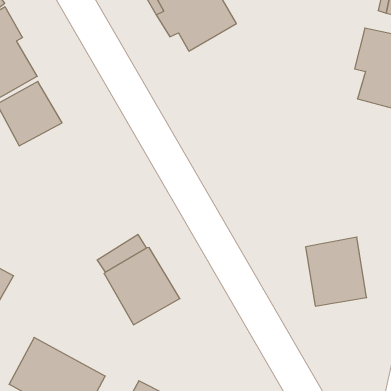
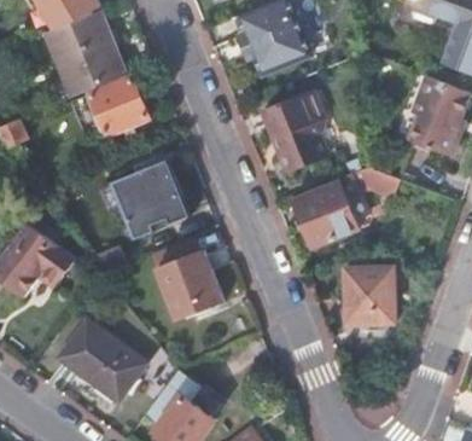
building: none -> [263,92,326,173]
building: none -> [292,166,398,248]
building: none -> [113,161,188,238]

